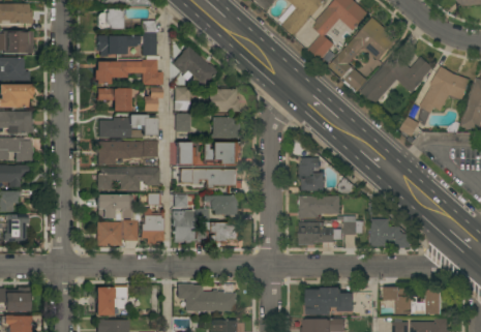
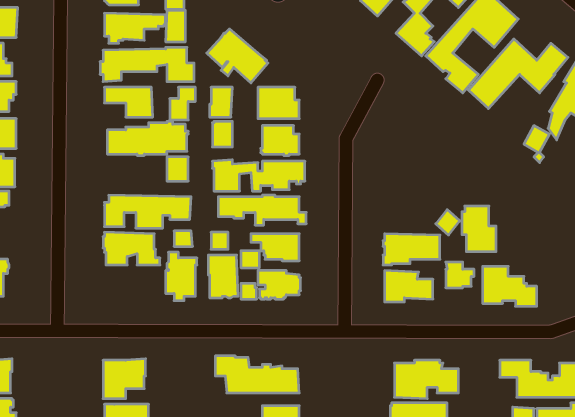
building: [97,142,130,165] -> none
building: [300,158,325,191] -> [462,206,496,252]
building: [96,220,137,245] -> none

